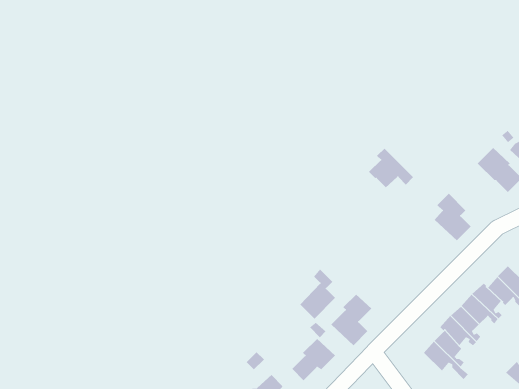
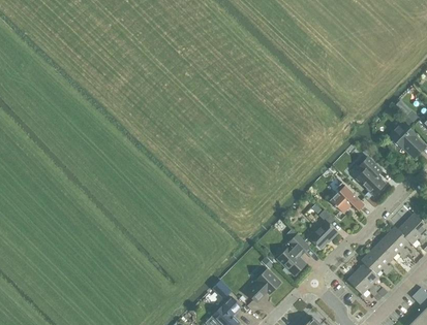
building: [368,148,414,188] -> [330,182,365,213]
building: [300,268,336,319] -> [309,208,337,248]

